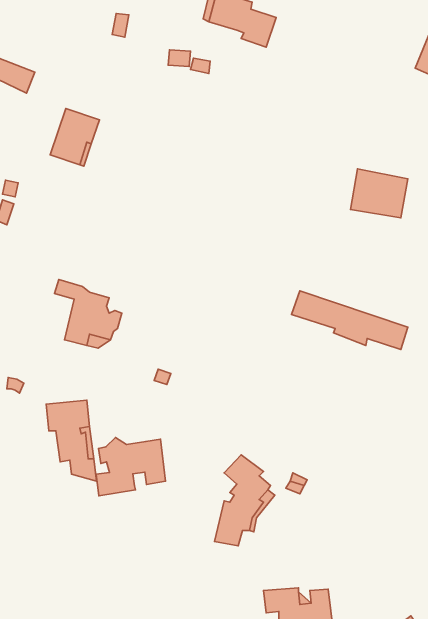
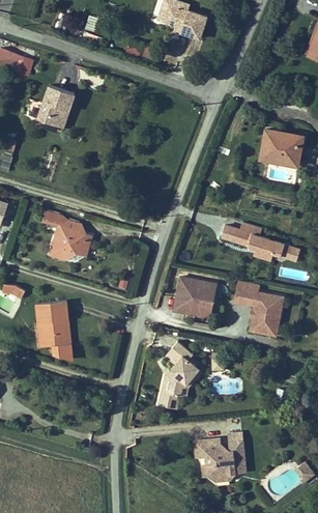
building: none -> [175,275,214,315]
building: none -> [235,281,286,335]
building: [96,438,166,496] -> none

